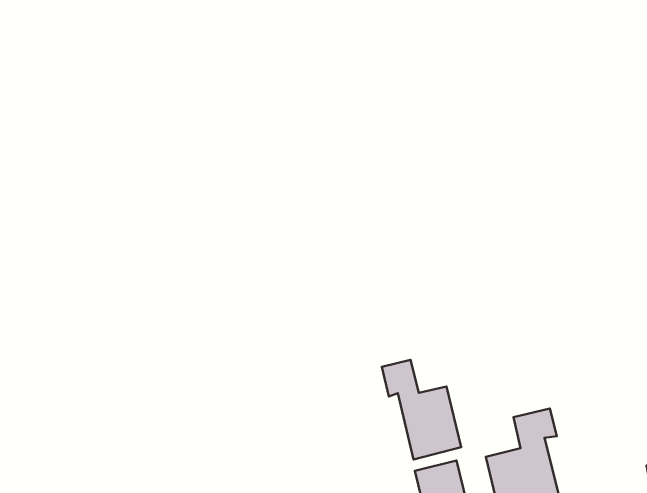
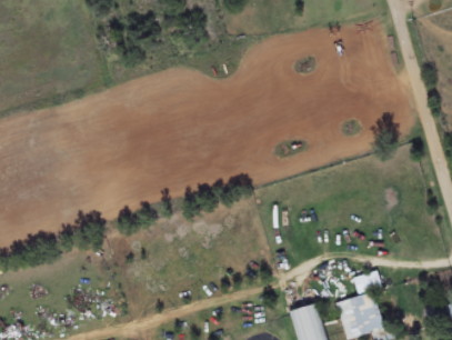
building: [382,360,461,459] -> none

